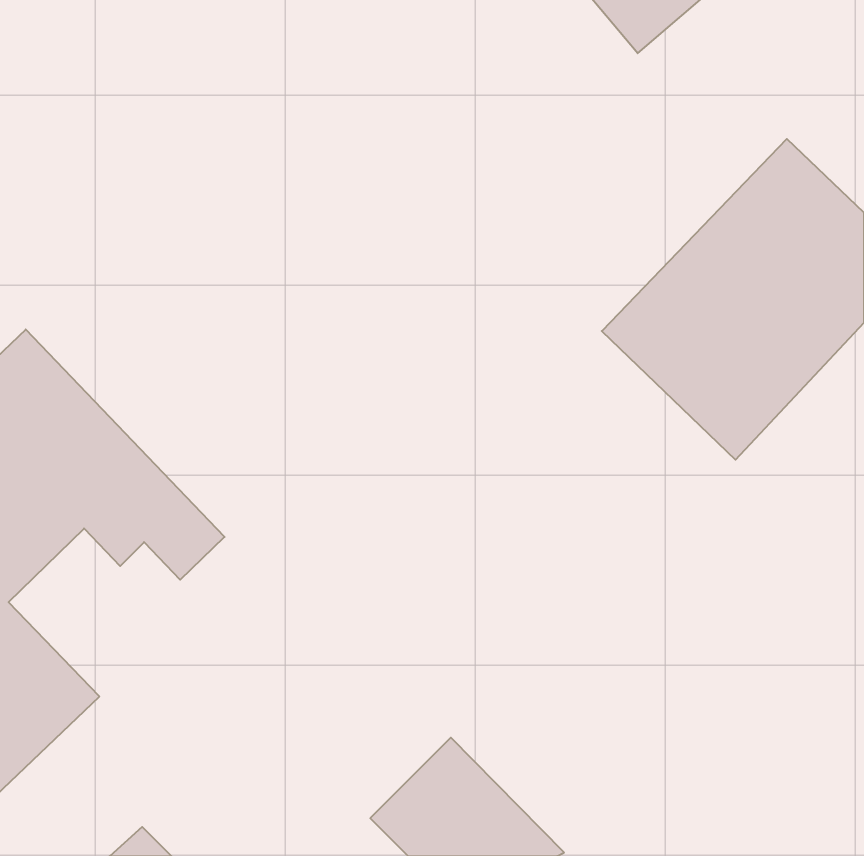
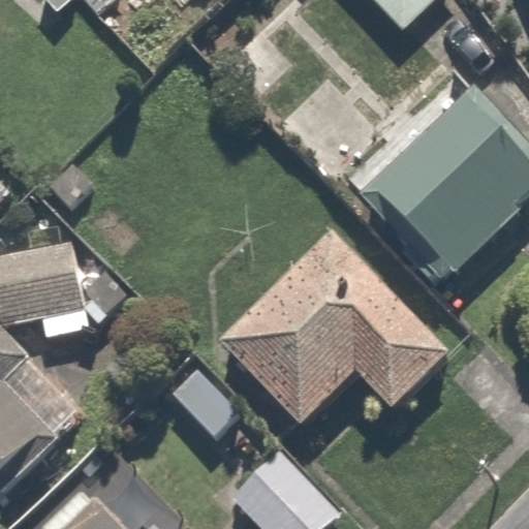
building: none -> [222,237,446,426]

